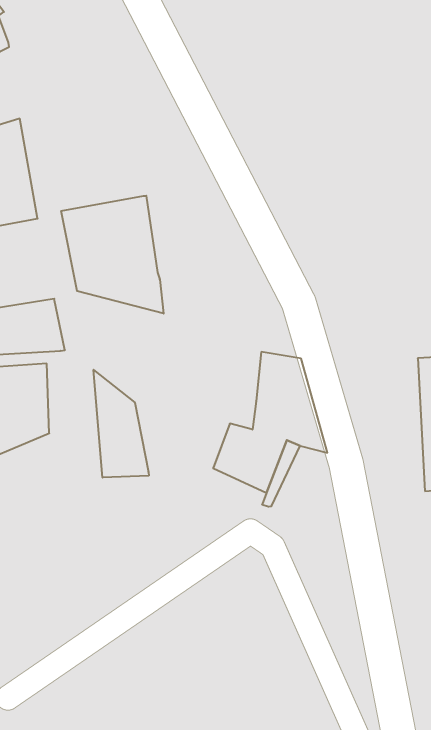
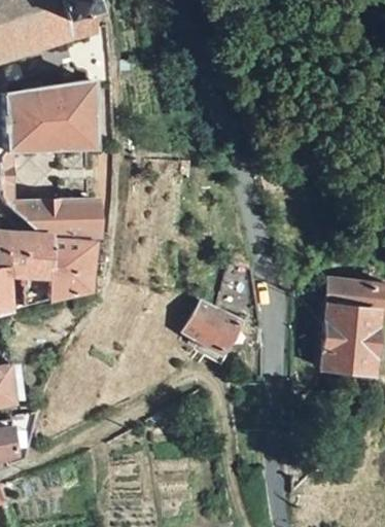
building: [61,196,164,314] -> none
building: [94,370,149,478] -> none

